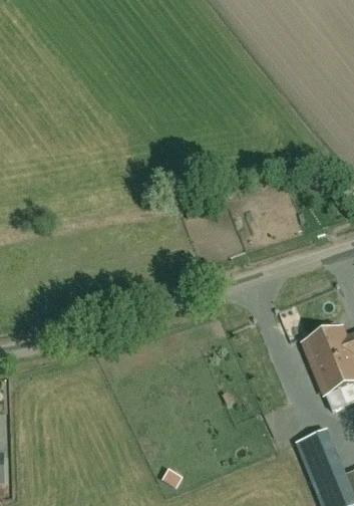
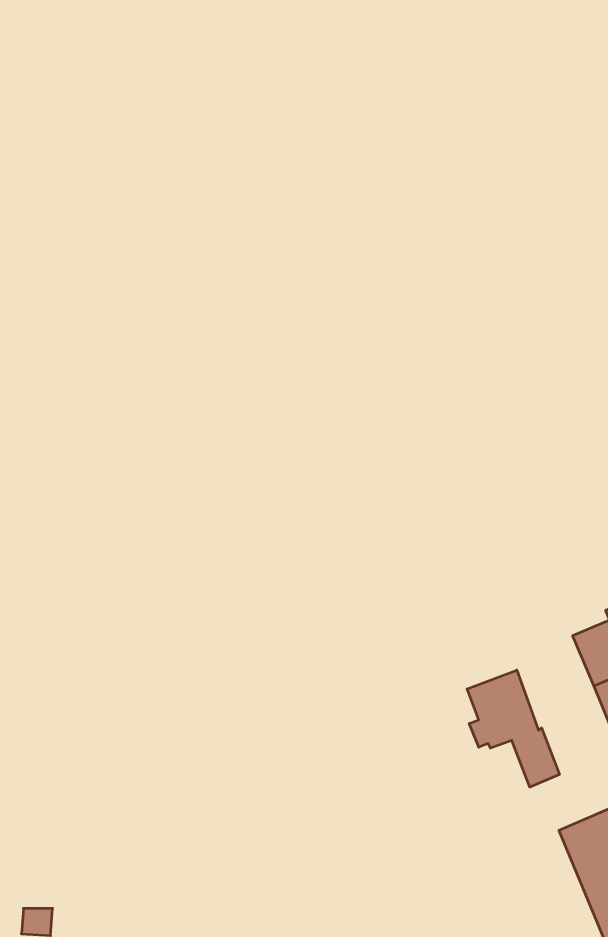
building: none -> [467,670,559,787]

